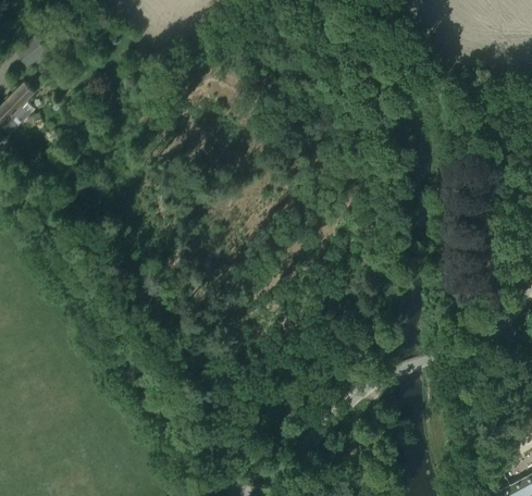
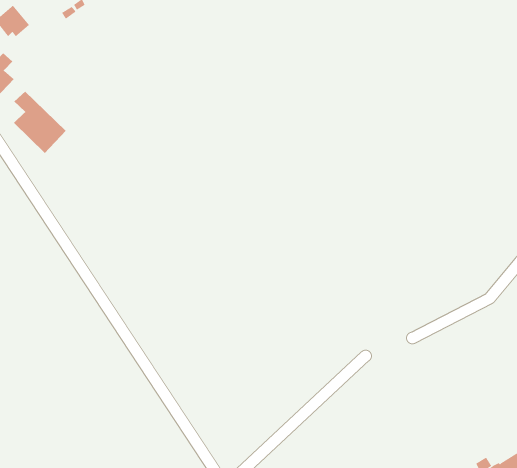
building: none -> [13,91,66,154]

